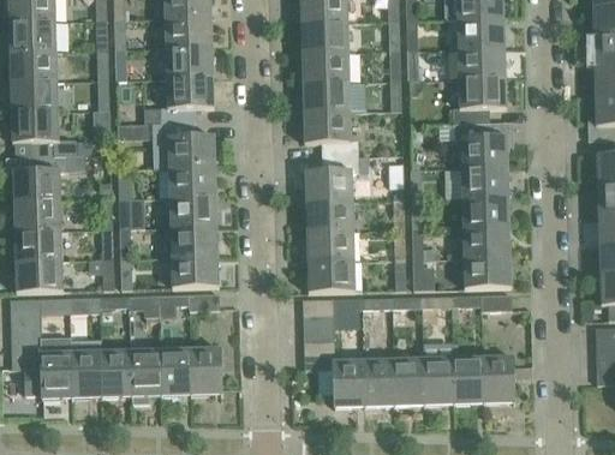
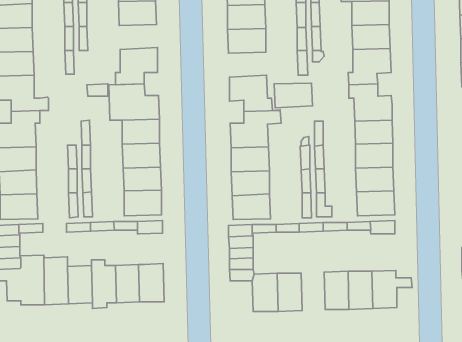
building: [166,47,214,78] -> none
building: [303,82,351,113] -> [274,83,313,108]
building: [394,358,424,406] -> none

